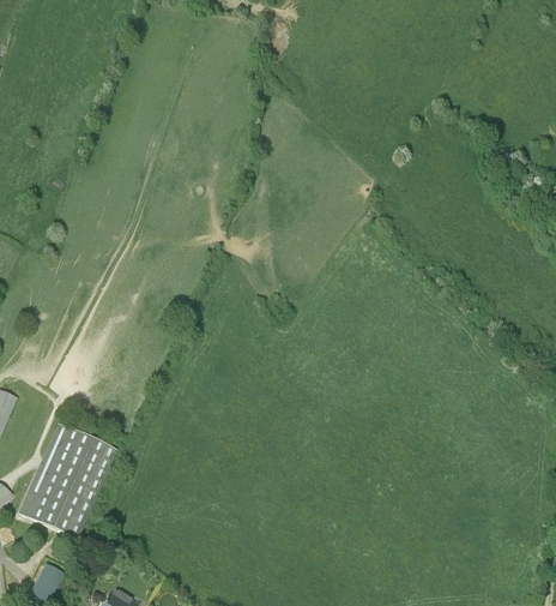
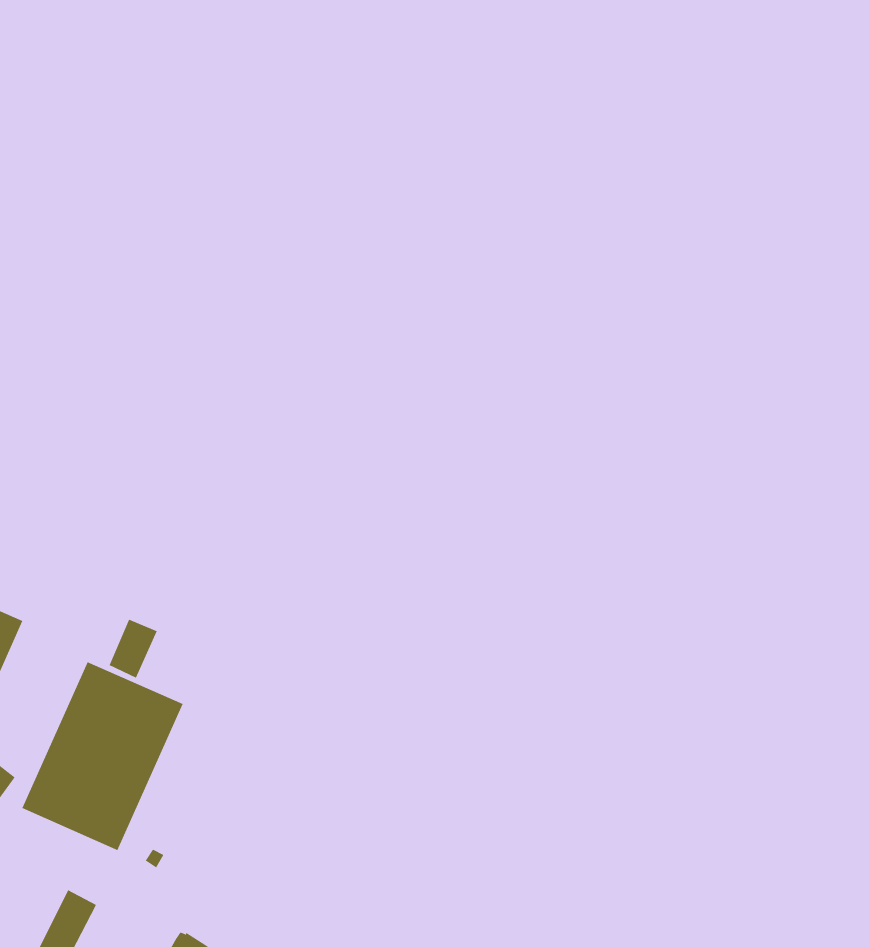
building: none -> [109,619,158,679]

